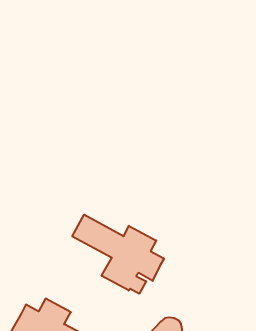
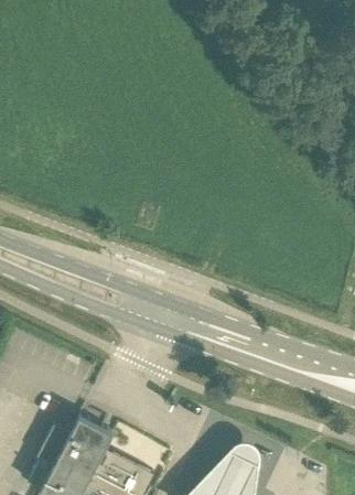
building: [72,215,164,294] -> none

